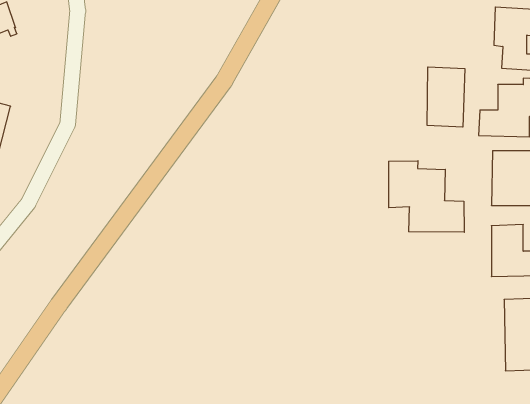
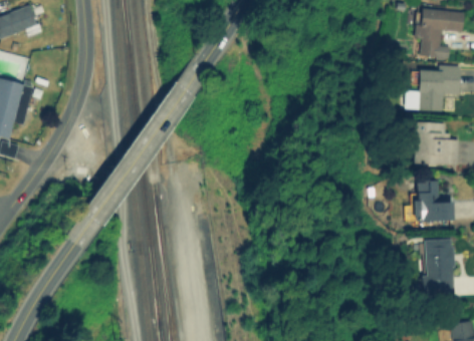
building: [427,67,465,127] -> none
building: [389,161,464,232] -> none

